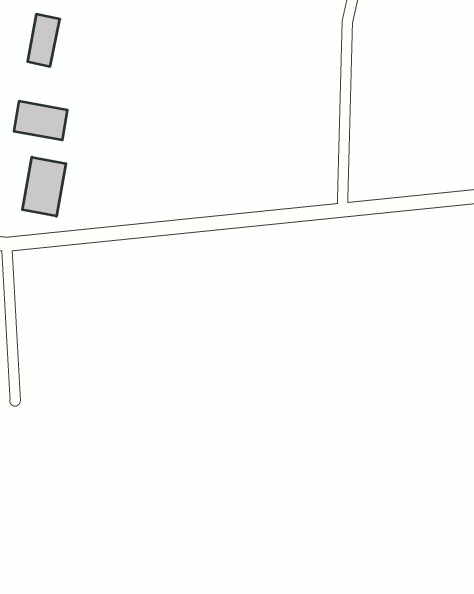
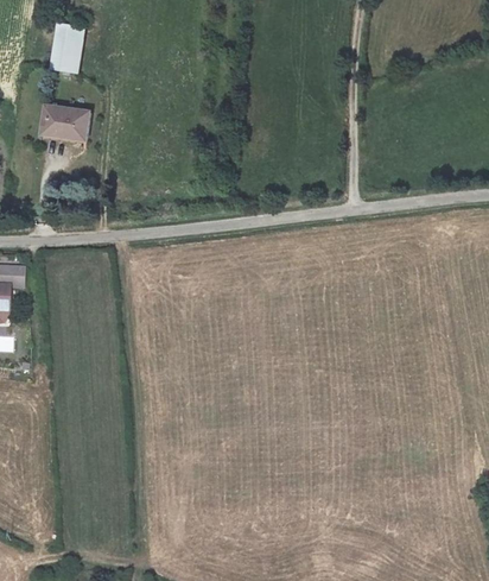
building: [22,157,66,216] -> none

